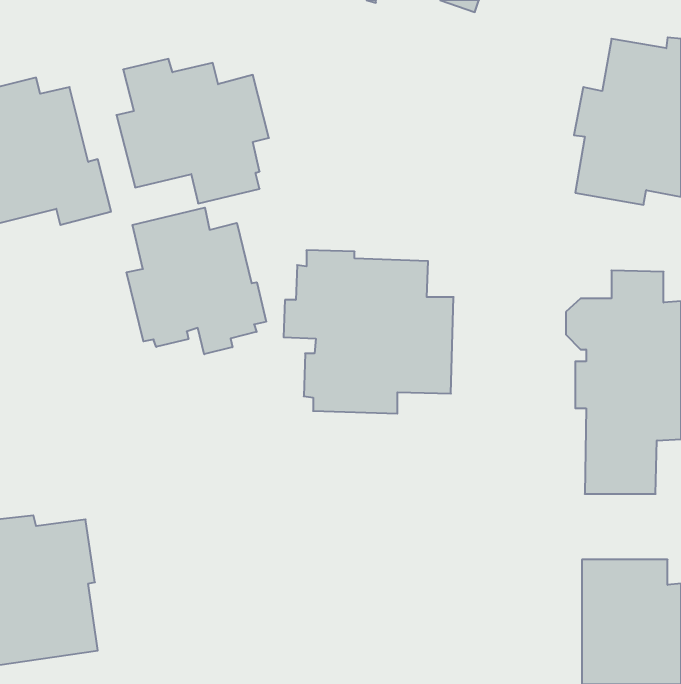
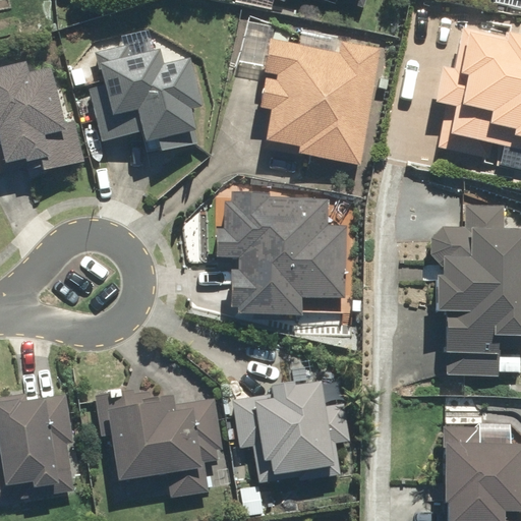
building: none -> [260,41,380,165]
building: [127,208,266,354] -> none
building: none -> [233,374,350,487]
building: none -> [94,389,223,498]

